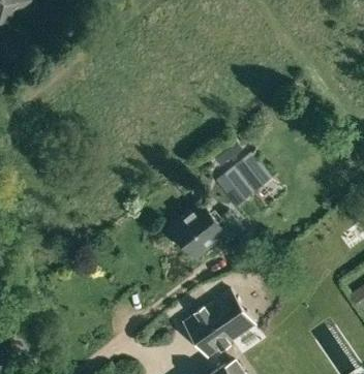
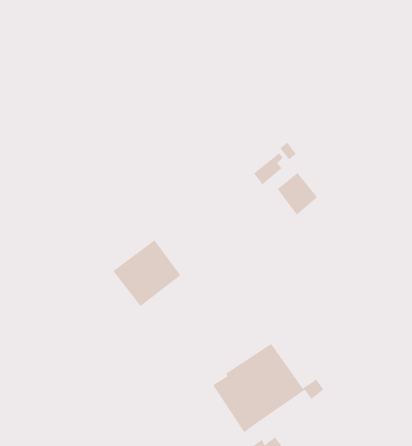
building: [216,169,249,204] -> none
building: [171,205,224,257] -> [113,240,181,307]

